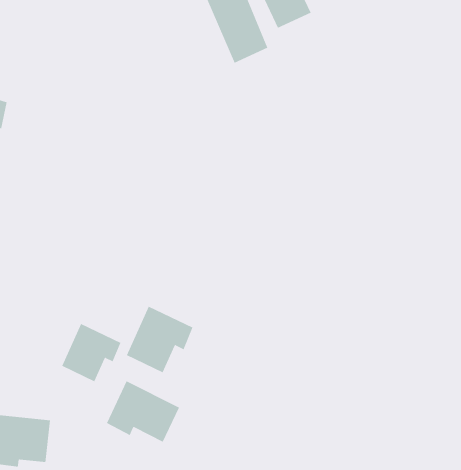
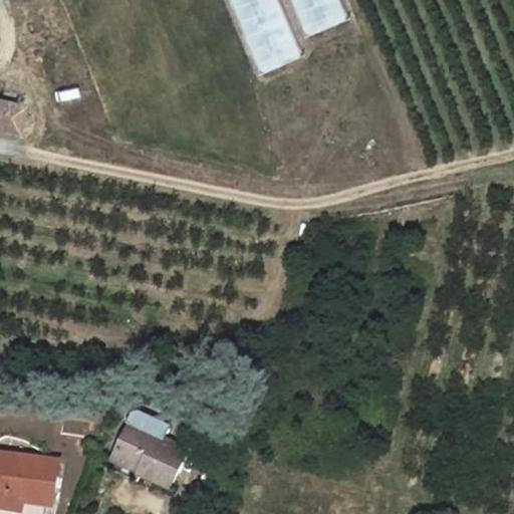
building: [126,306,193,373] -> none
building: [61,323,121,382] -> none

